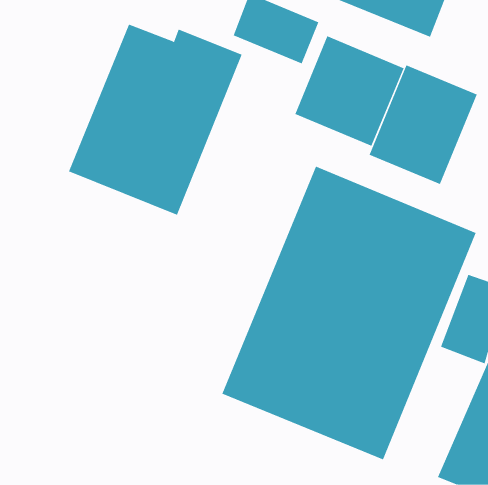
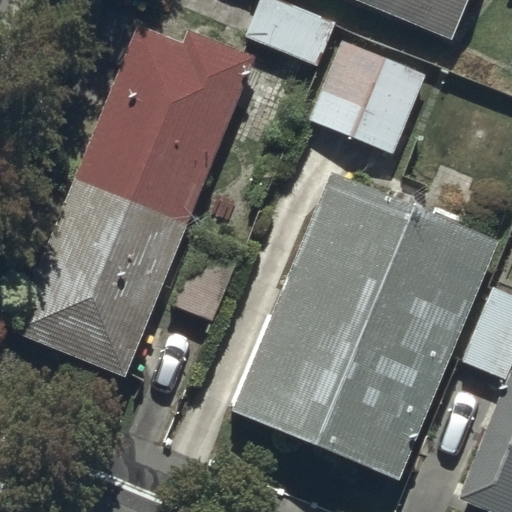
building: [369,65,478,185] -> none
building: none -> [12,179,187,377]

